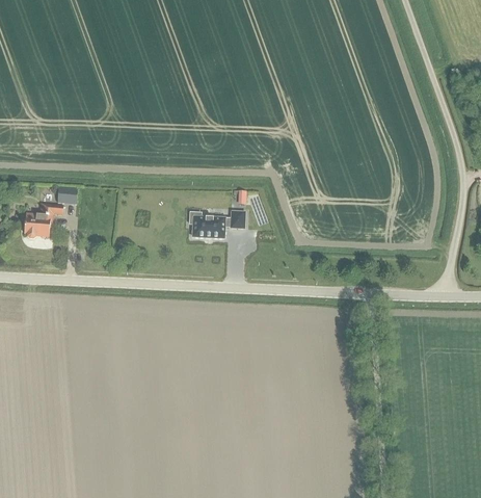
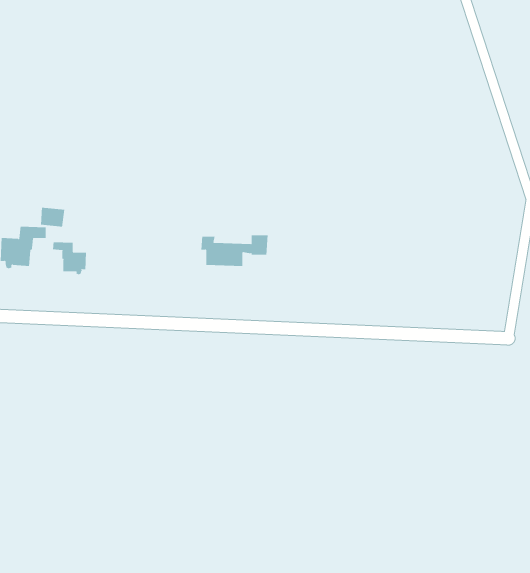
building: none -> [52,241,87,275]

